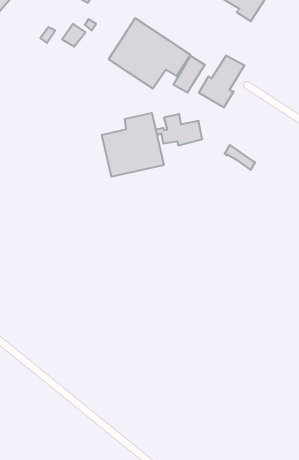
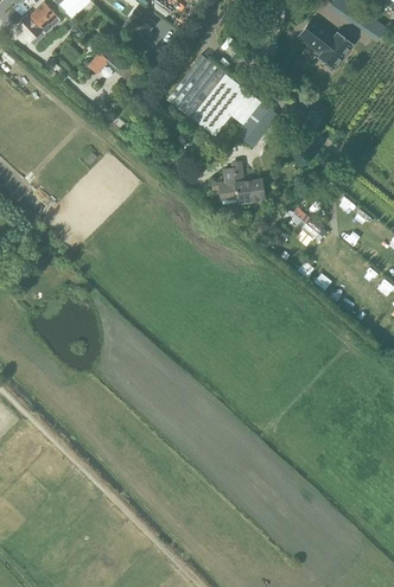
building: [199,56,245,108] -> none
building: [102,113,164,177] -> none

